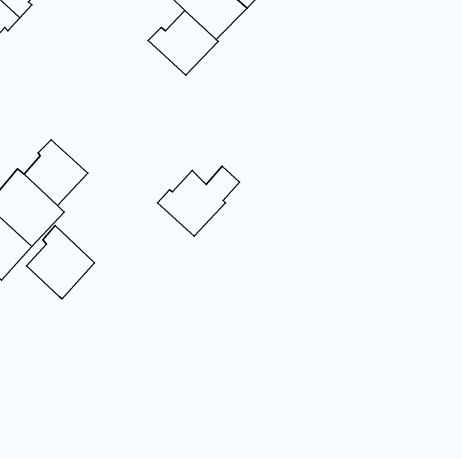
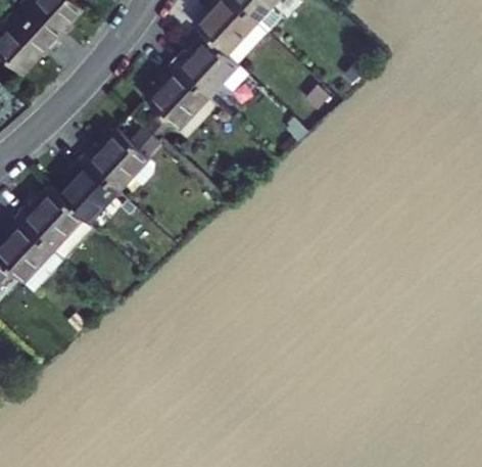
building: none -> [148,65,210,131]
building: [158,166,239,236] -> [83,125,160,191]
building: [27,226,94,299] -> none

